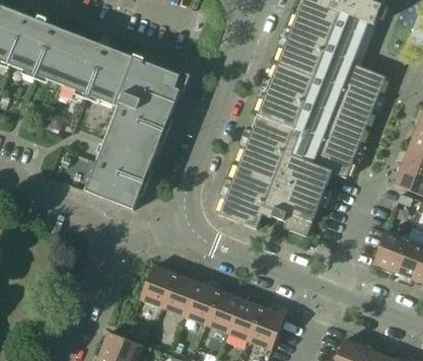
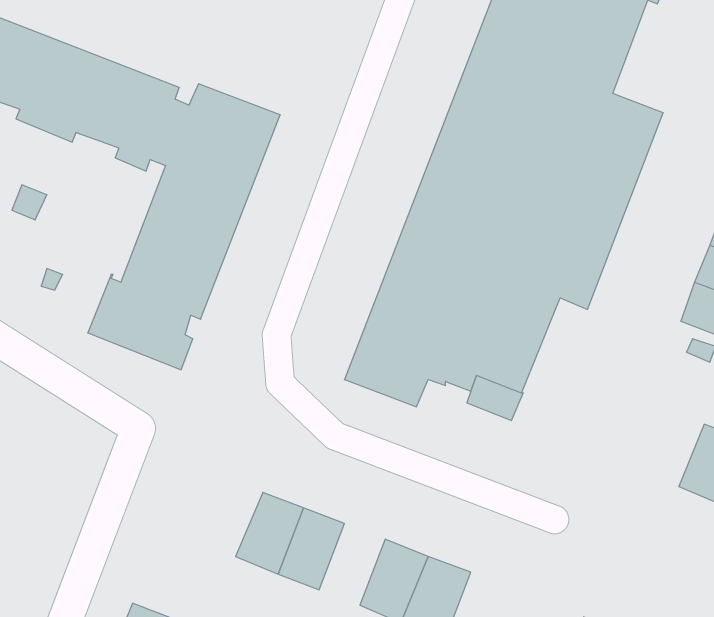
building: [373,229,407,270] -> none
building: [140,264,177,306] -> none
building: [206,289,240,332] -> none

